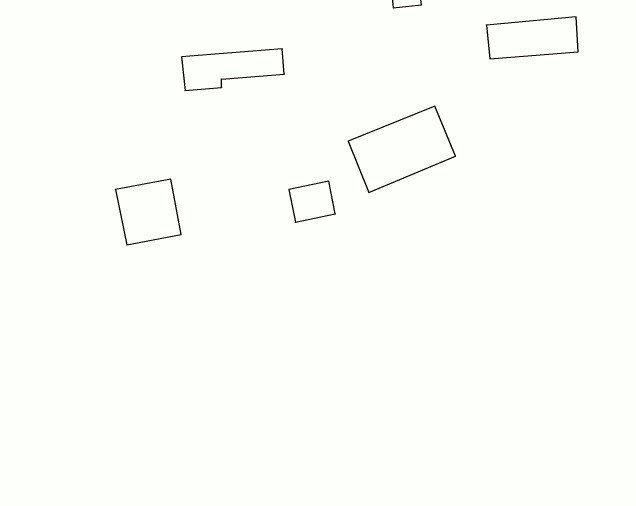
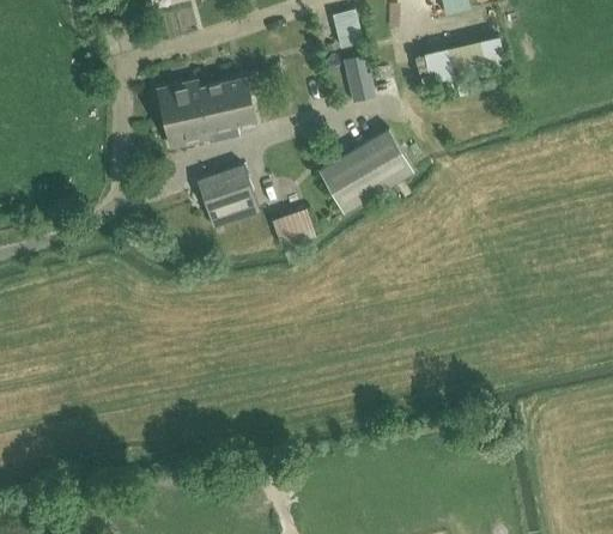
building: none -> [342,55,375,103]
building: none -> [158,78,250,119]
building: [115,179,181,245] -> [196,164,259,226]

